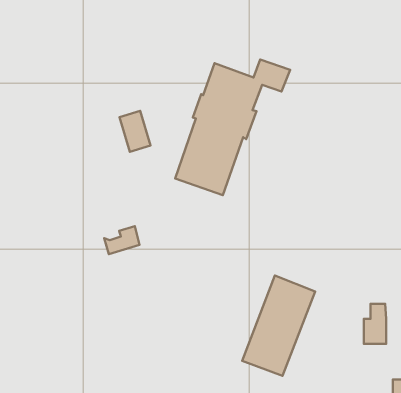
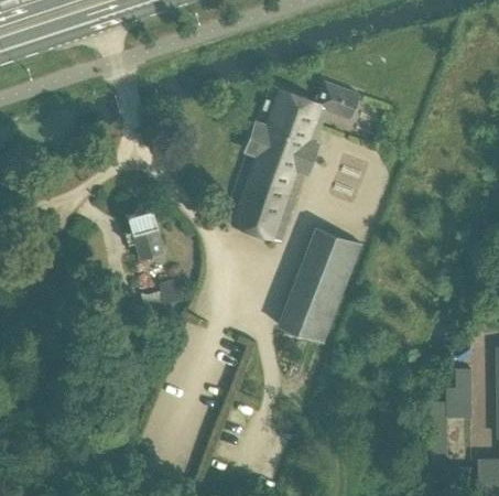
building: [120,111,150,152] -> [126,209,162,258]
building: [242,276,315,376] -> [275,226,361,344]

